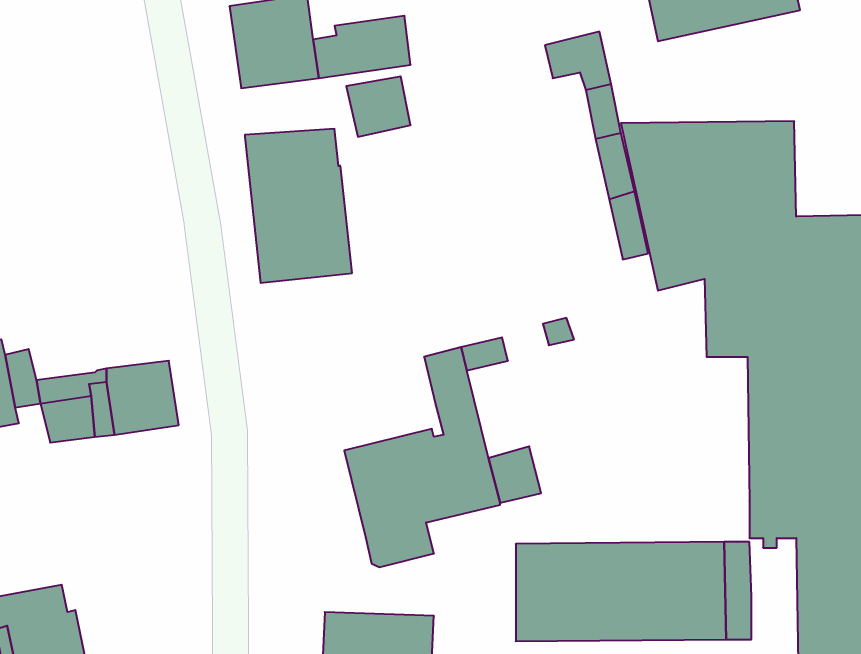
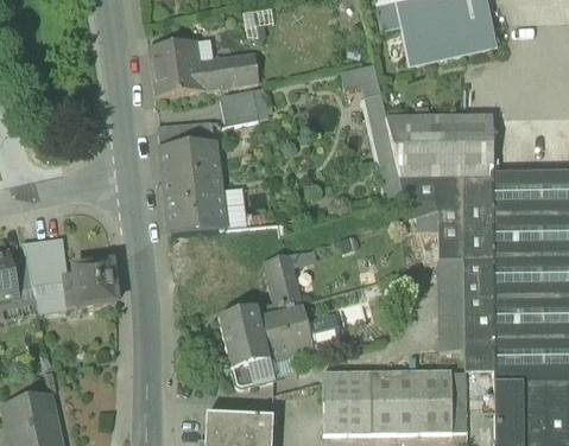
building: none -> [167,206,226,230]
building: none -> [24,235,67,272]
building: none -> [440,257,466,348]

